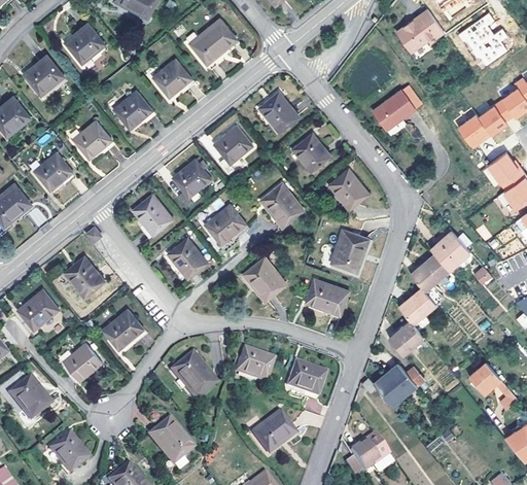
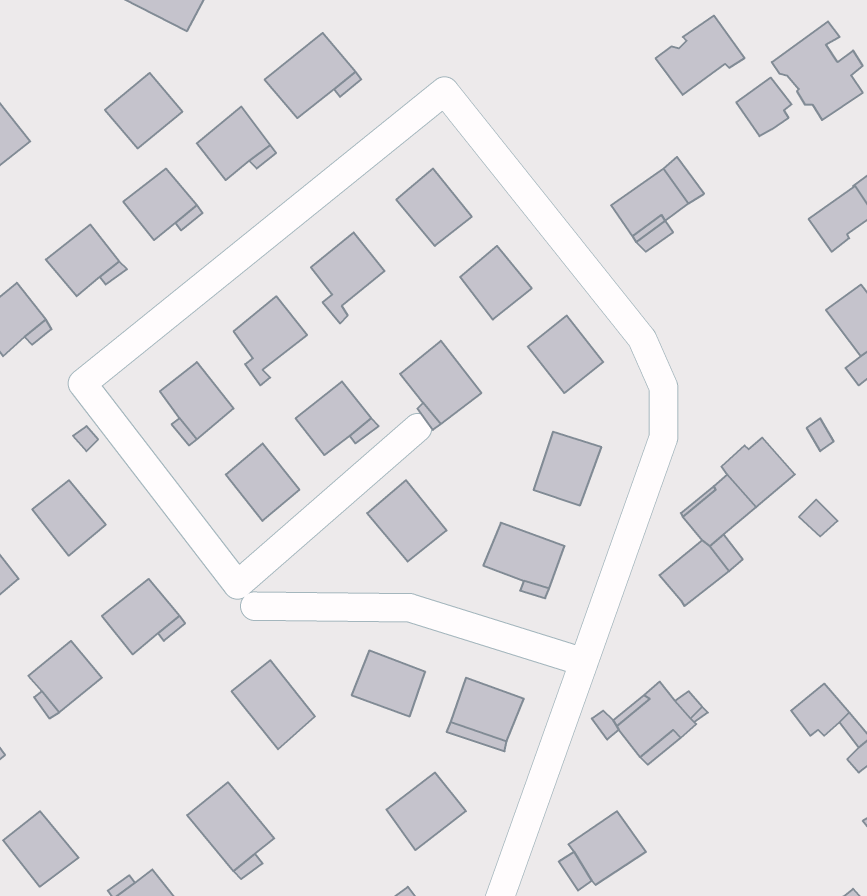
building: [64,23,105,63] -> [105,73,182,148]
building: none -> [736,78,792,136]
building: [457,114,490,147] -> none
building: [389,320,424,354] -> none

